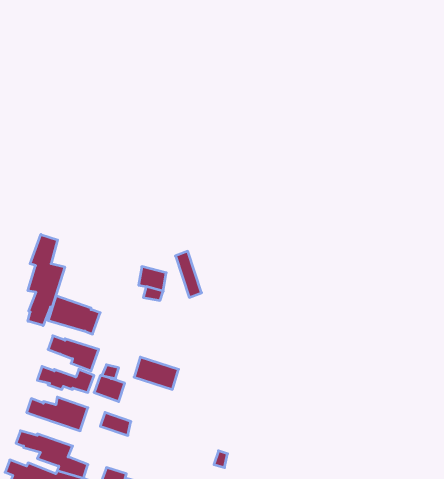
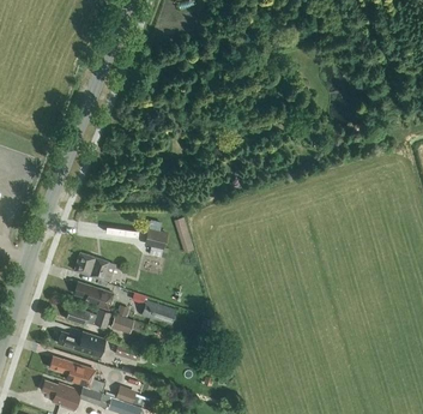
building: [28,234,65,326] -> none

